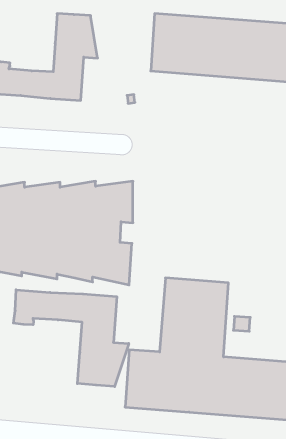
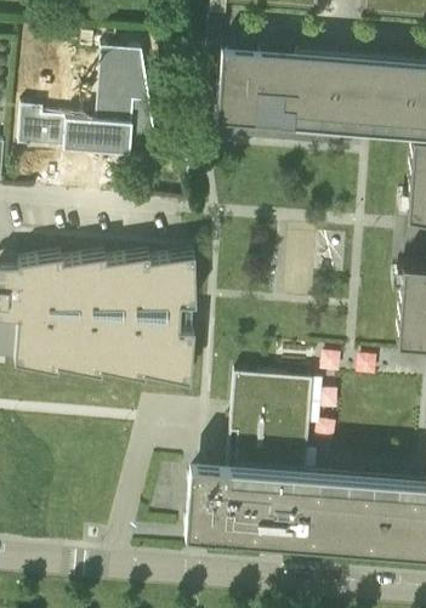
building: [13,290,129,387] -> none

